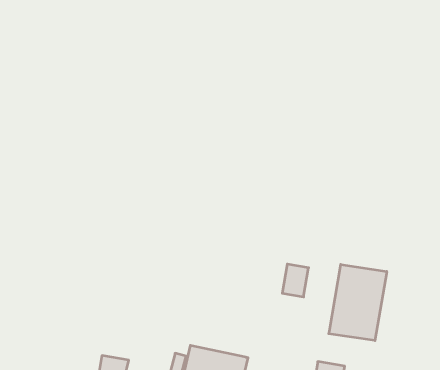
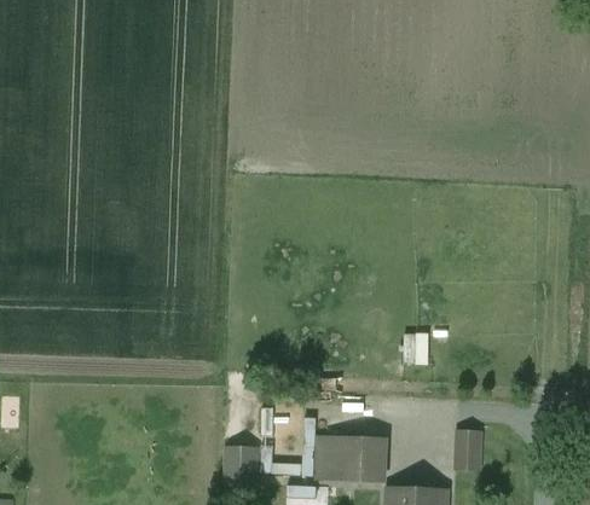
building: [329,264,387,341] -> none

